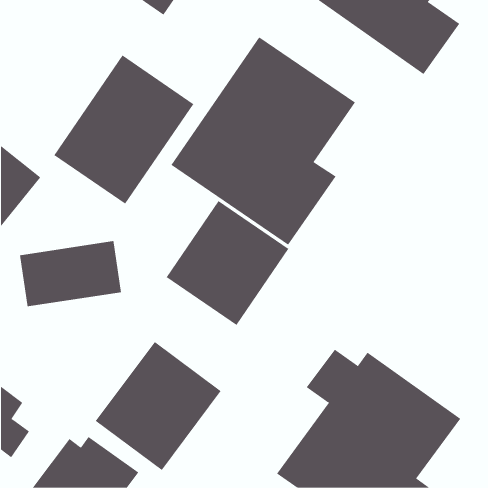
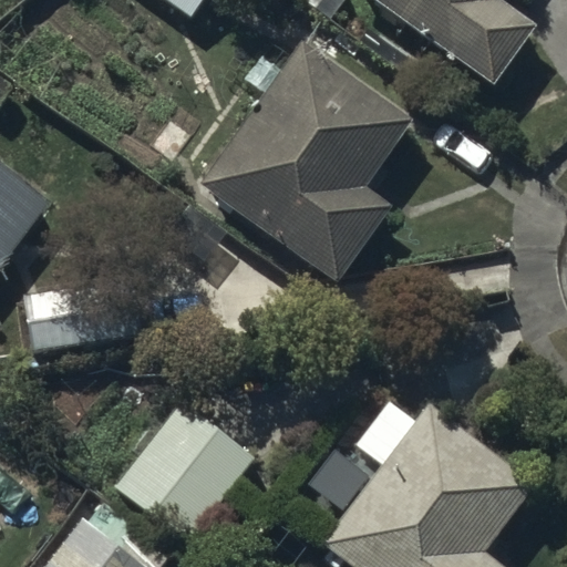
building: [54,54,194,205] -> none
building: [166,200,289,326] -> none

